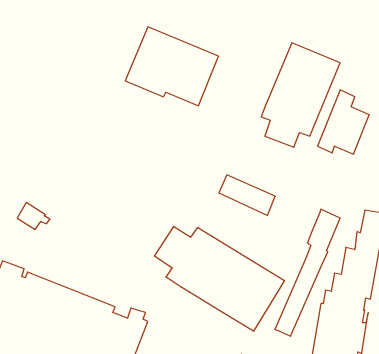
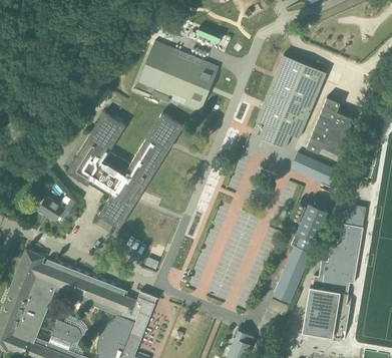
building: none -> [67,111,183,229]
building: [219,175,275,215] -> [291,151,341,188]
building: [154,226,284,331] -> none

